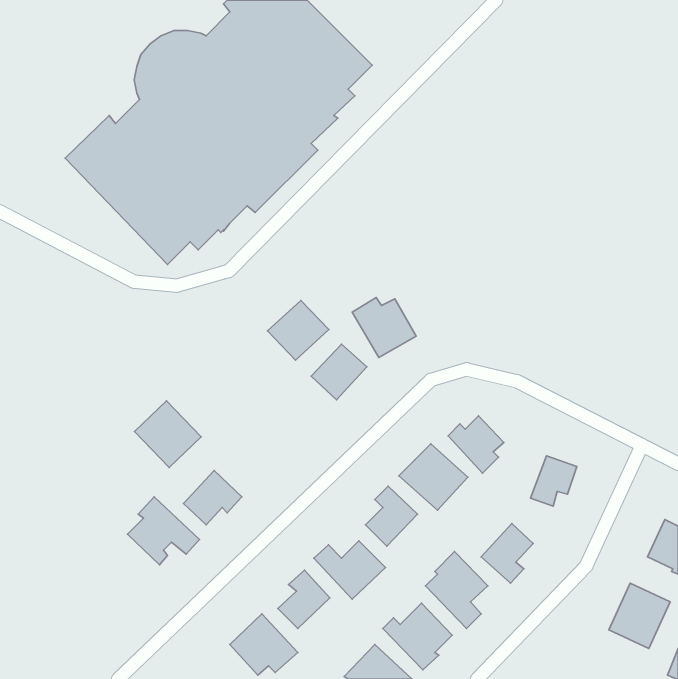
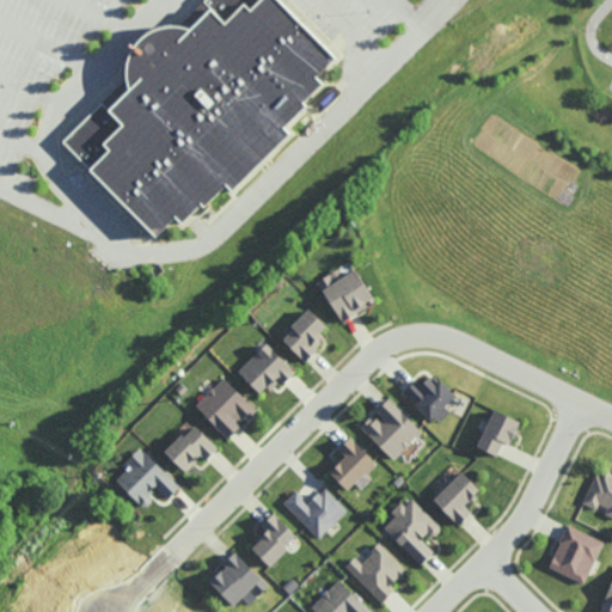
building: [268,300,329,360] -> [237,343,292,397]
building: [135,401,201,467] -> [195,378,255,437]

